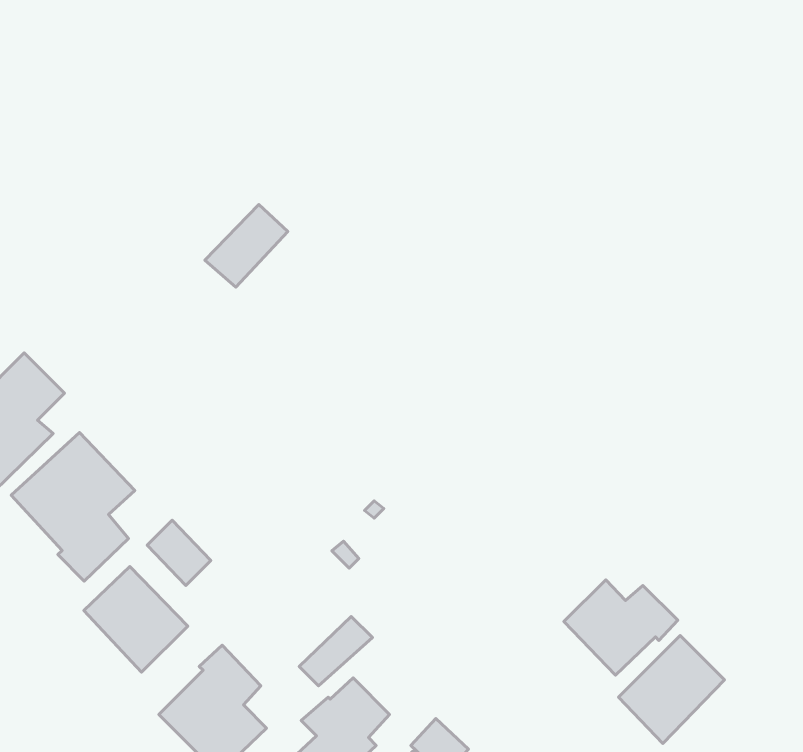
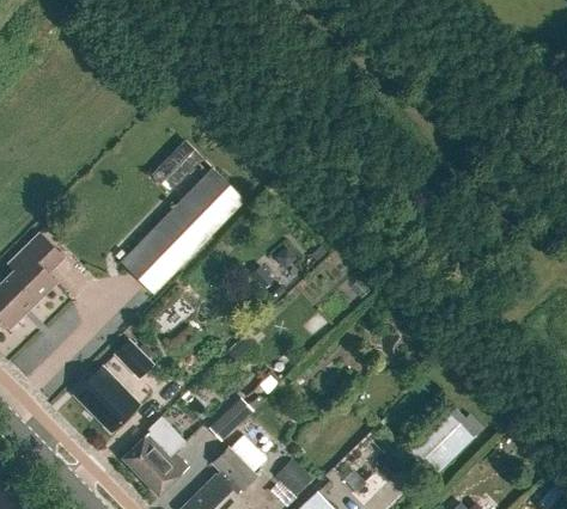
building: none -> [120,168,245,295]
building: [11,433,135,581] -> none
building: [564,580,678,675] -> none

